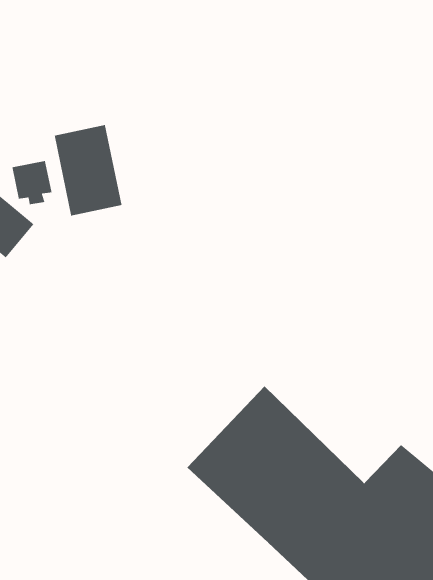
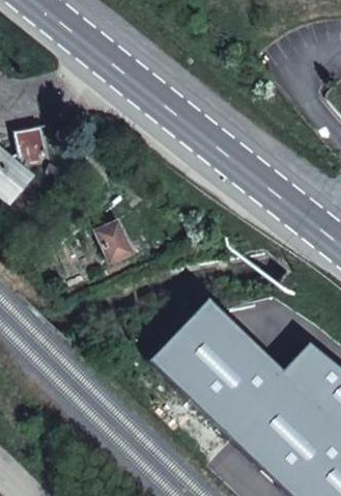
building: [54,124,122,217] -> none
building: none -> [95,220,133,263]

